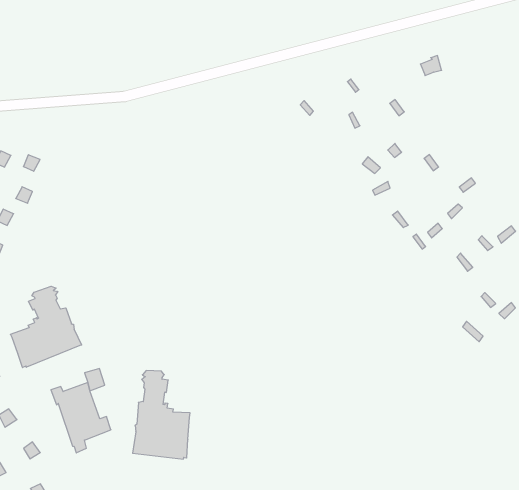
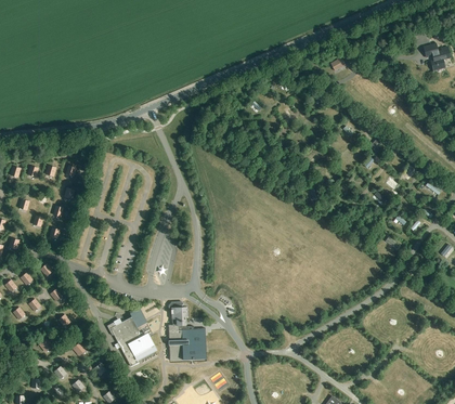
building: [10,286,82,368] -> none

